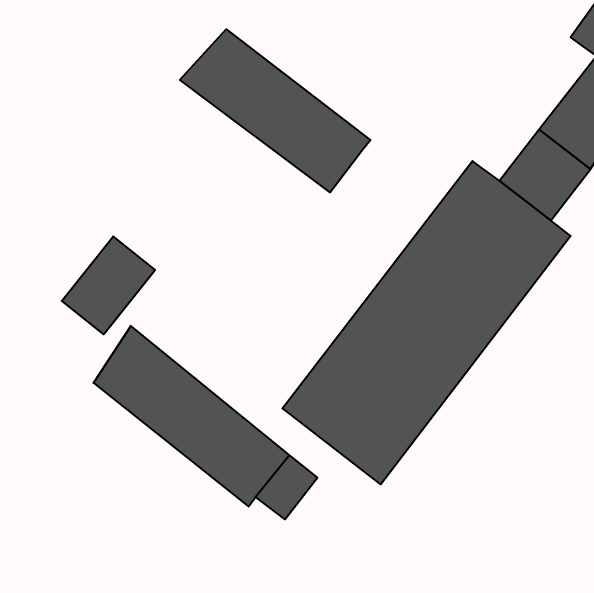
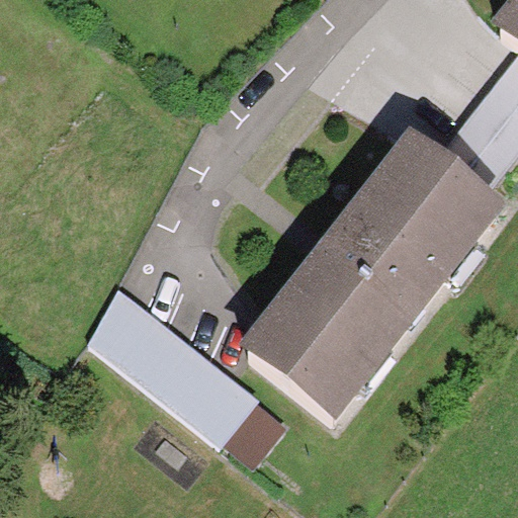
building: [180,29,370,192] -> none
building: [62,236,155,334] -> none

